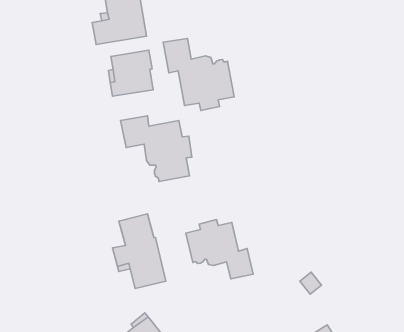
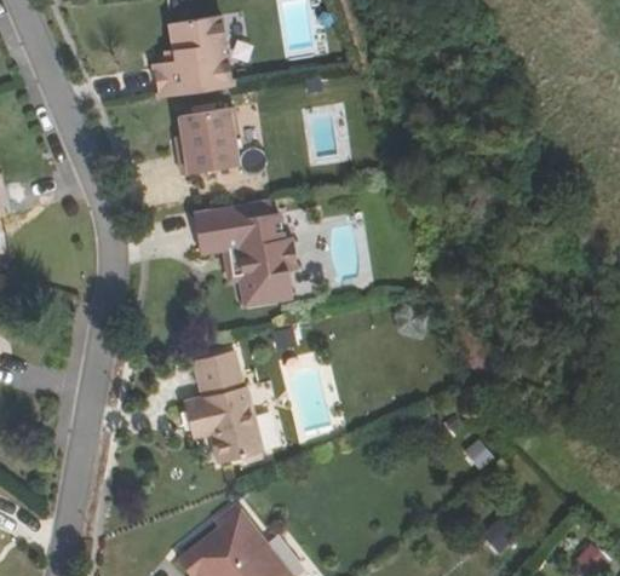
building: [163,38,234,111] -> none
building: [186,219,253,279] -> none

